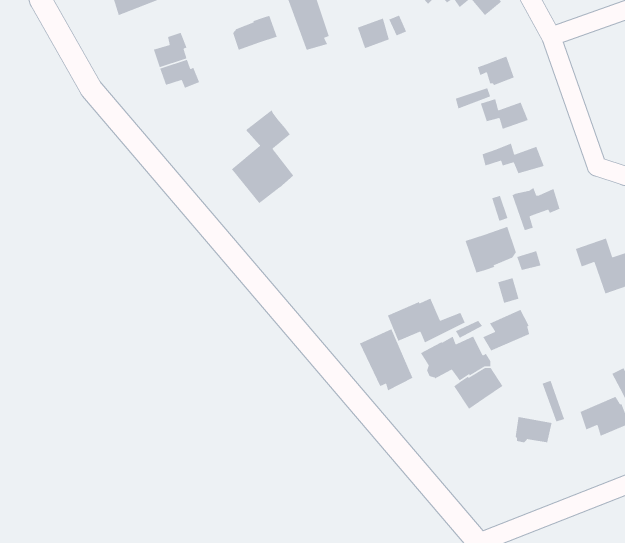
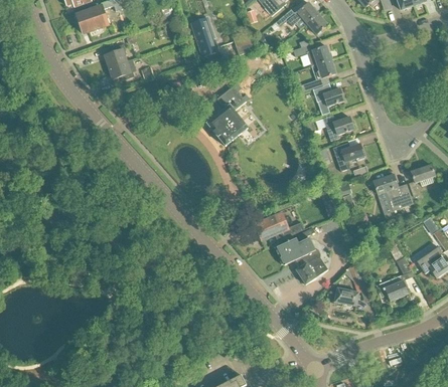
building: [232,15,278,51] -> none
building: none -> [292,44,331,63]
building: [231,109,294,204] -> [206,84,247,145]
building: [464,226,517,273] -> none
building: [482,309,530,352] -> none
building: [359,328,414,391] -> none

